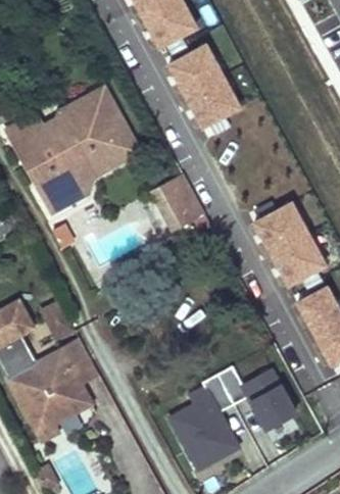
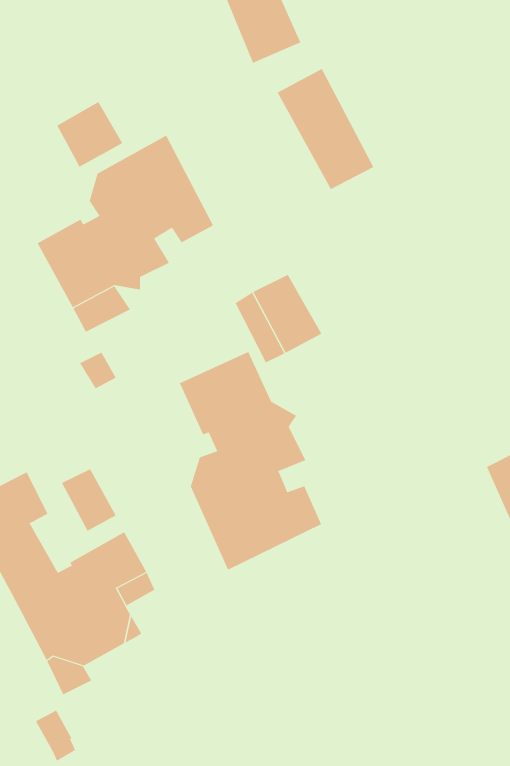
building: [10,114,52,156] -> [57,101,123,168]
building: [262,204,318,281] -> none
building: none -> [179,351,322,571]
building: [166,367,295,473] -> none

